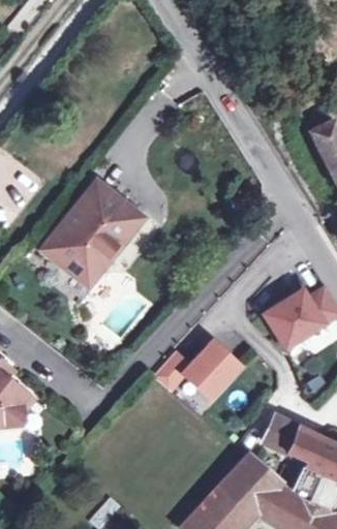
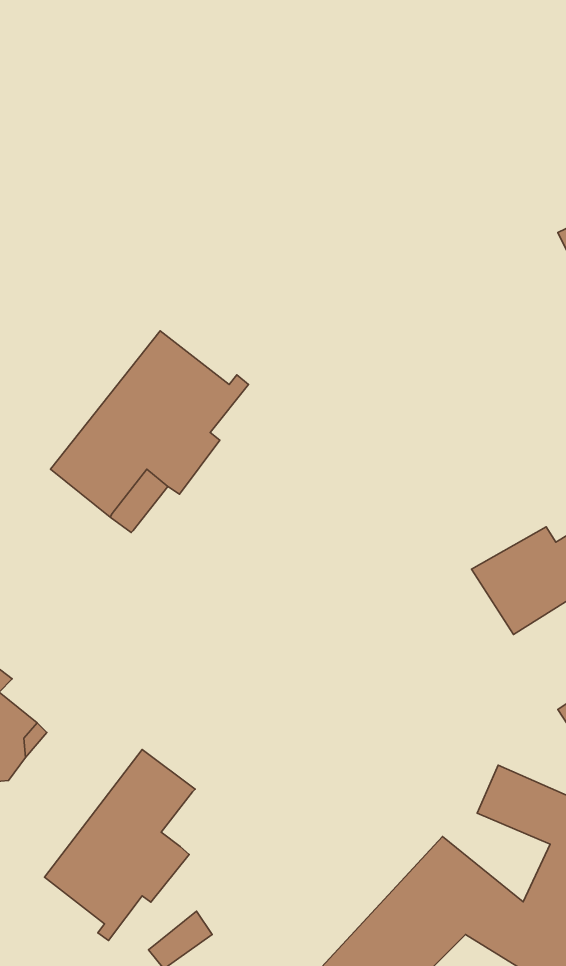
building: [154,341,240,398] -> none
building: none -> [45,749,195,940]

